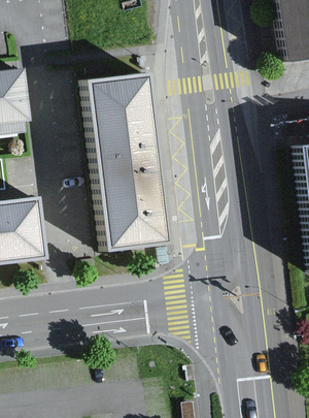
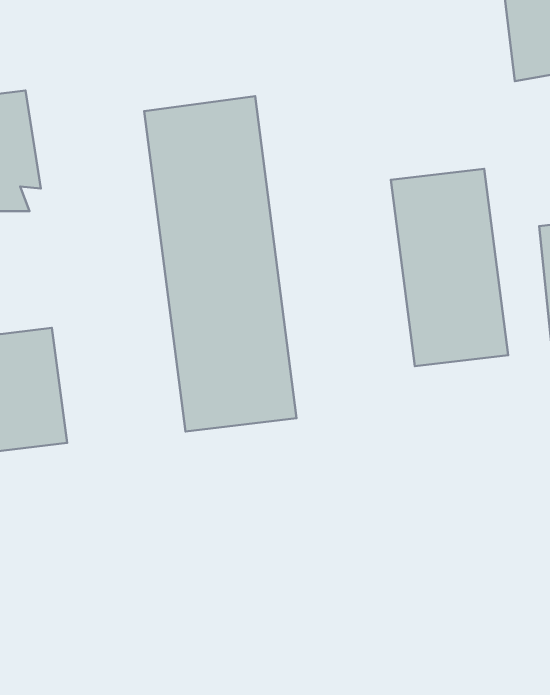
building: none -> [391,169,508,366]

